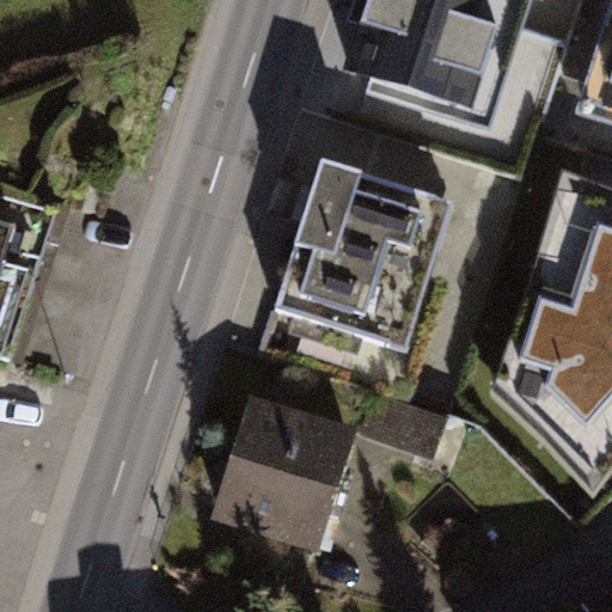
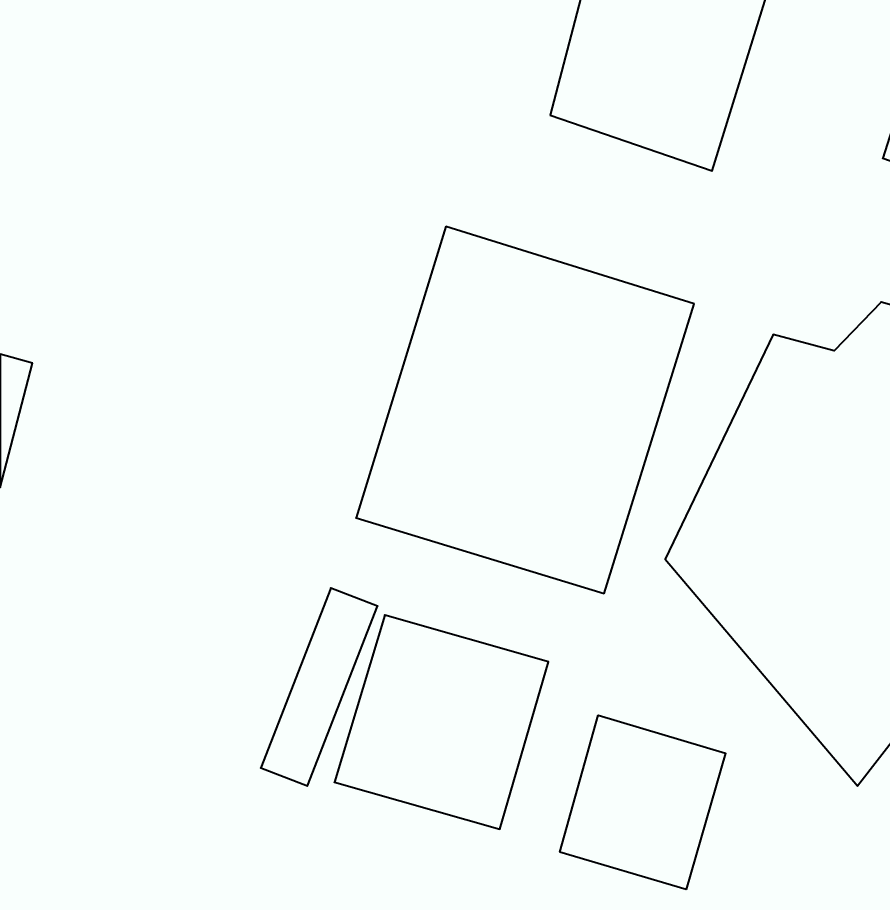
building: none -> [560,715,726,889]

